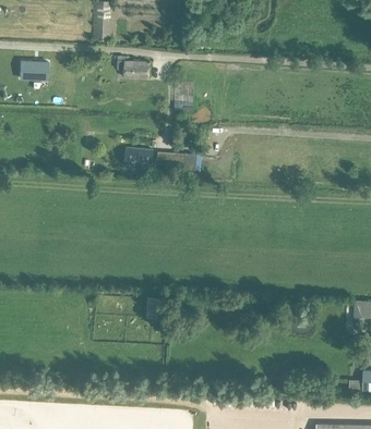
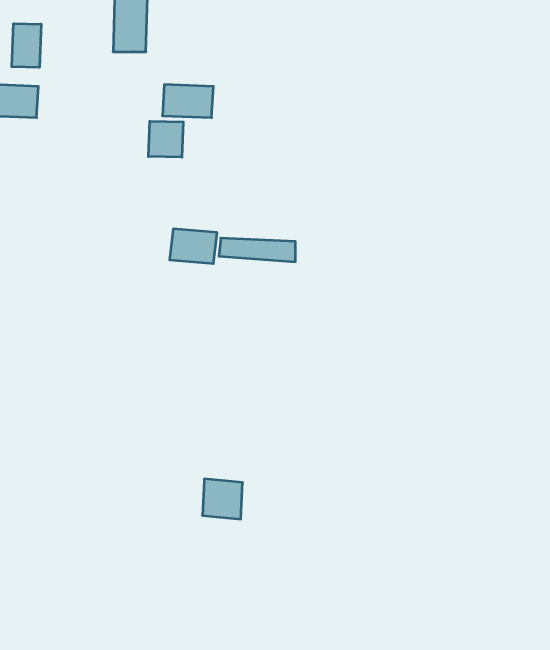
building: none -> [12,24,41,67]
building: none -> [148,121,183,157]

